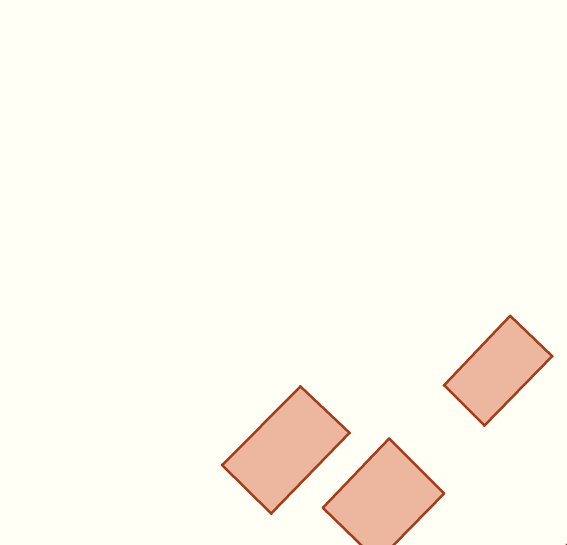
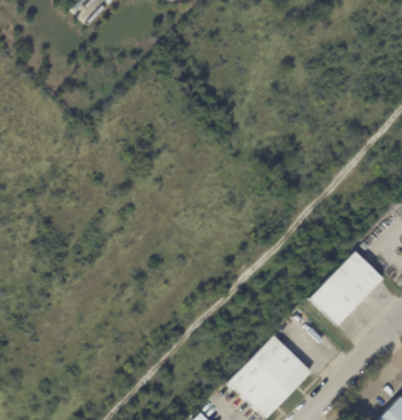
building: [222,386,350,514] -> none

